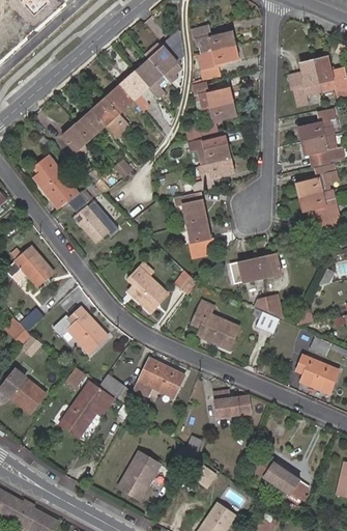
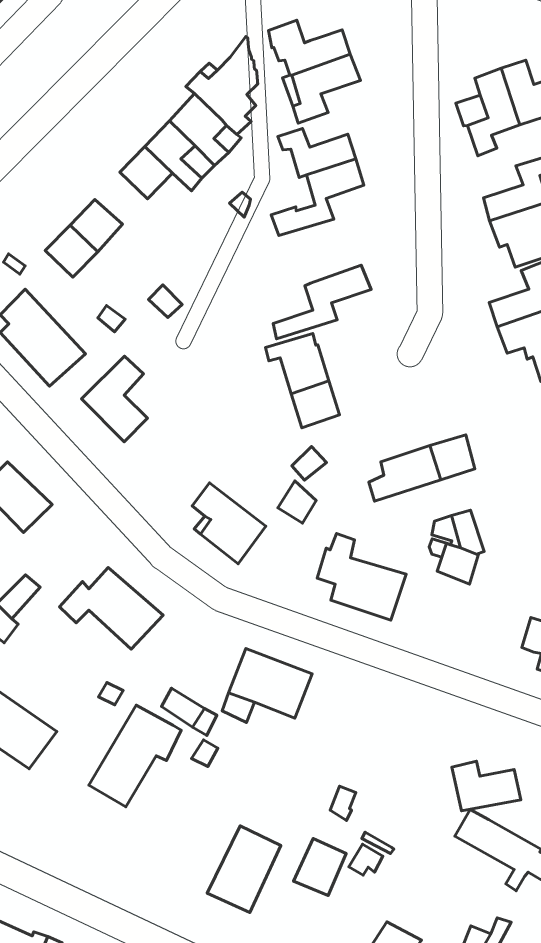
building: [91,97,129,138] -> none
building: [189,137,230,166] -> none
building: [214,390,250,416] -> [452,761,521,811]
building: none -> [293,838,346,895]

